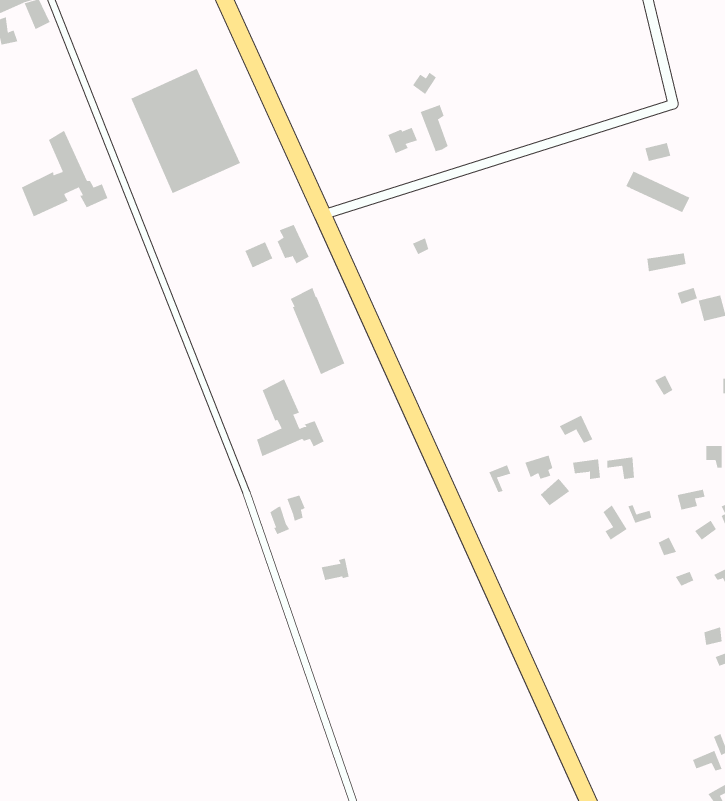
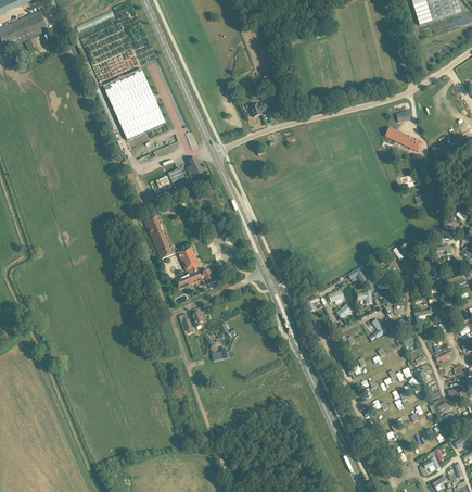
building: [21,130,108,217] -> none
building: [290,287,345,375] -> [143,210,175,260]

